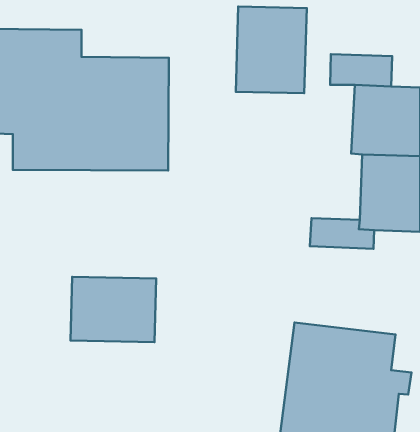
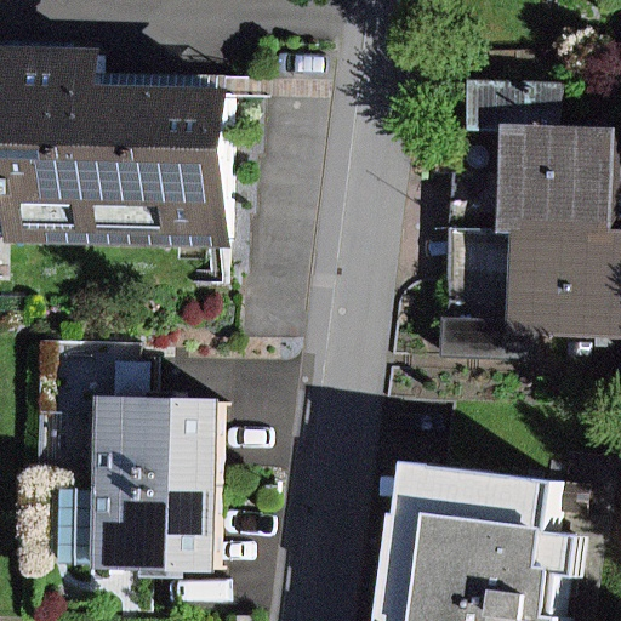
building: [236,7,307,93] -> none
building: none -> [68,489,221,569]

